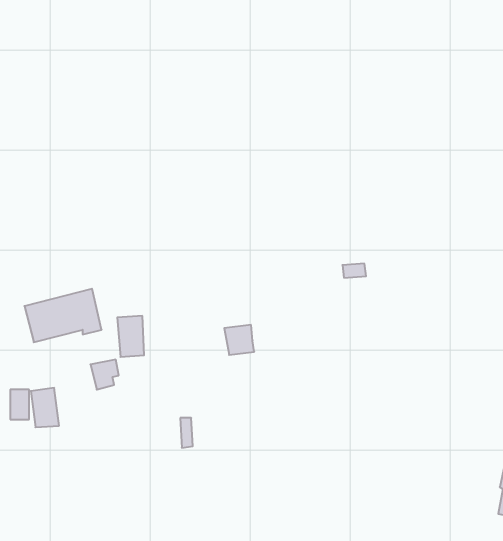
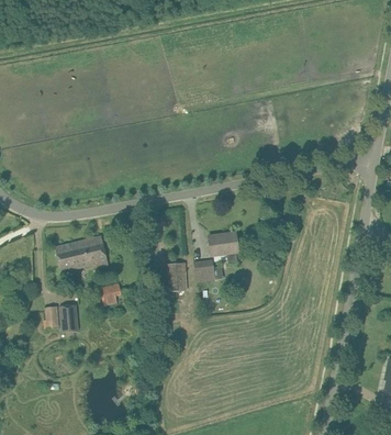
building: none -> [208,231,237,261]
building: [117,316,144,357] -> [167,261,186,290]

